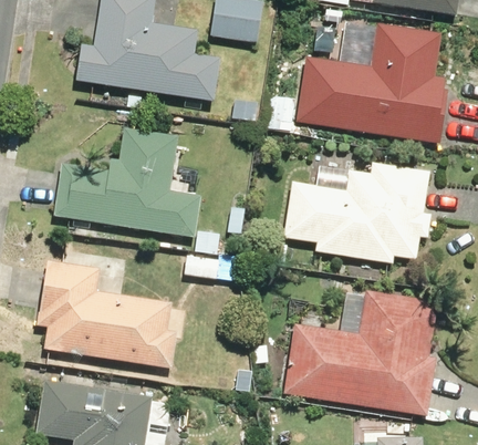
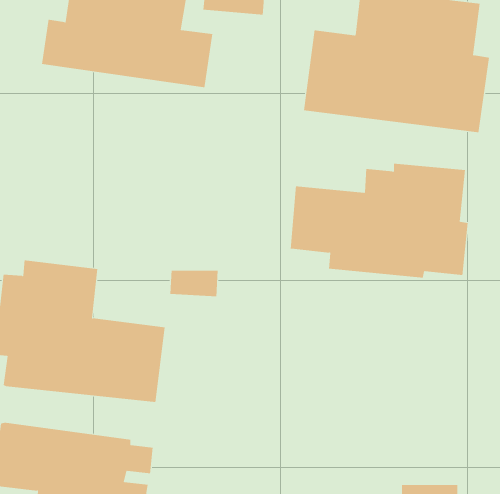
building: [51,127,199,235] -> none
building: [283,288,440,413] -> none

